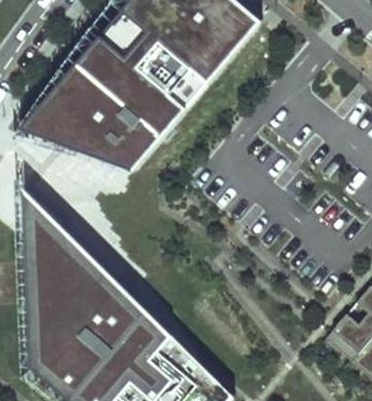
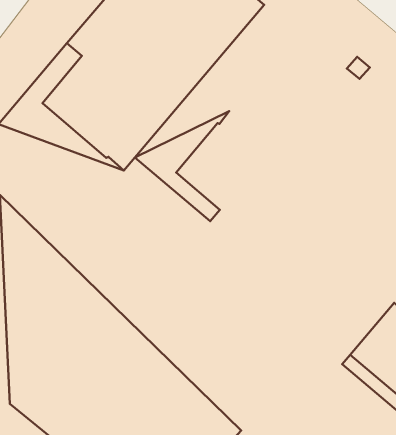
building: none -> [135,111,229,221]

